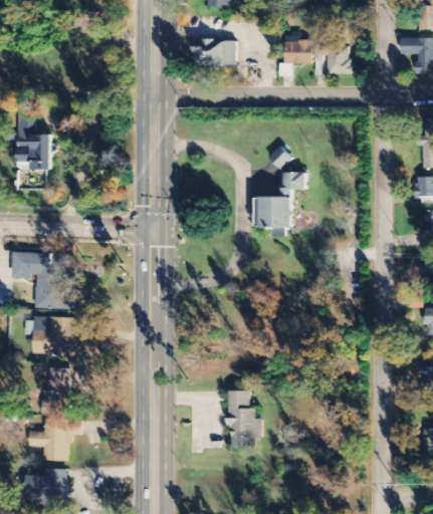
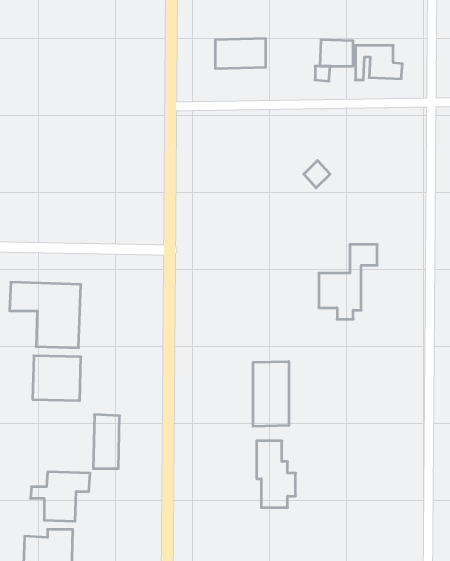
building: [15,112,50,170] -> none
building: [254,172,305,237] -> [319,245,377,319]
building: none -> [253,361,289,426]
building: [45,366,68,414] -> [93,415,120,469]

